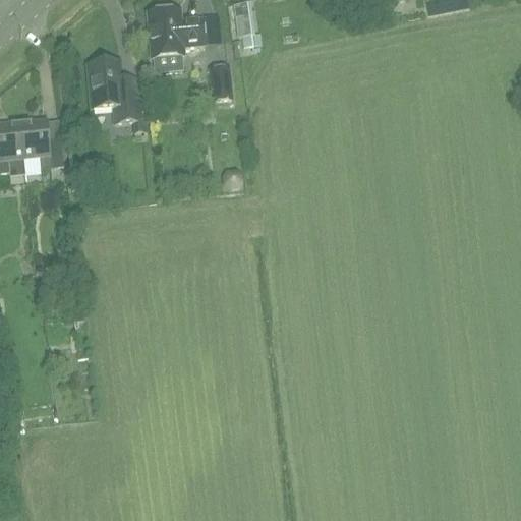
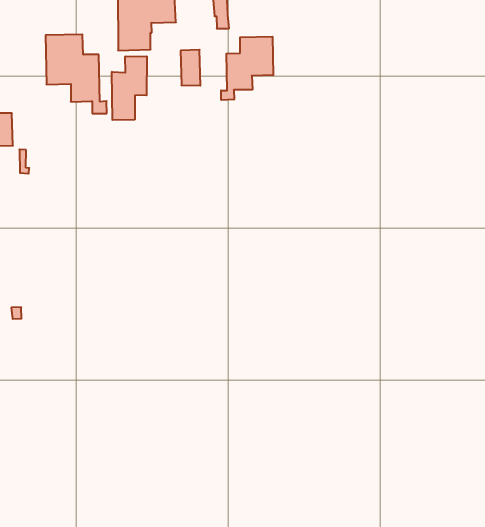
building: none -> [221,37,273,100]
building: none -> [112,56,147,120]

